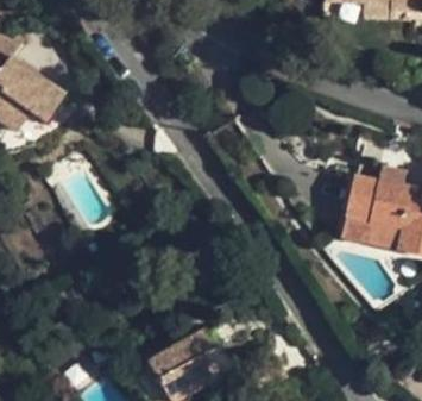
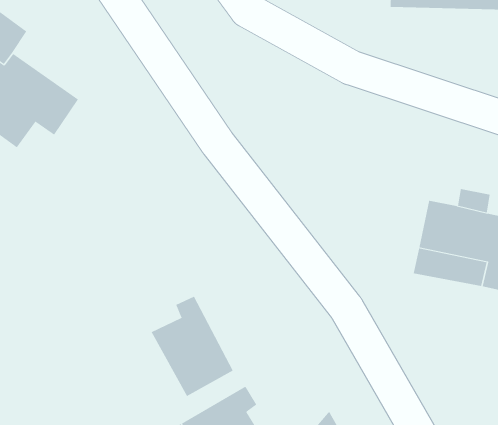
building: none -> [151,296,234,397]

